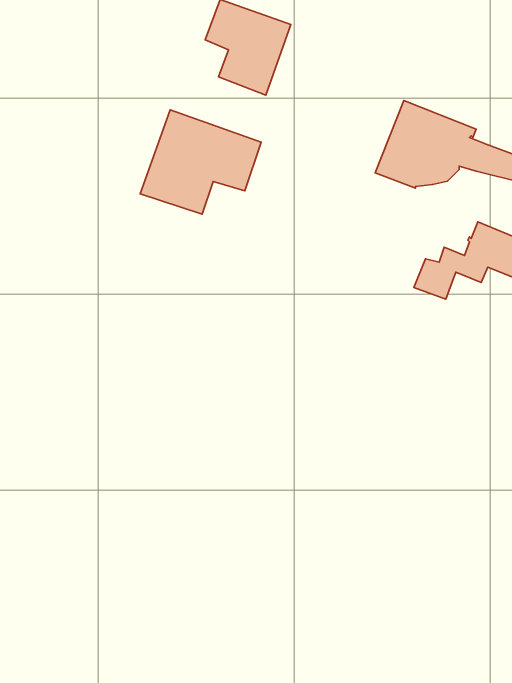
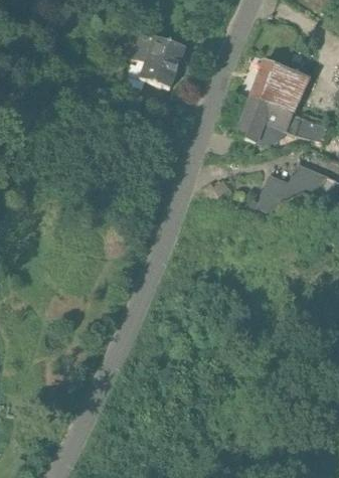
building: none -> [251,58,309,108]
building: [140,110,261,214] -> none

